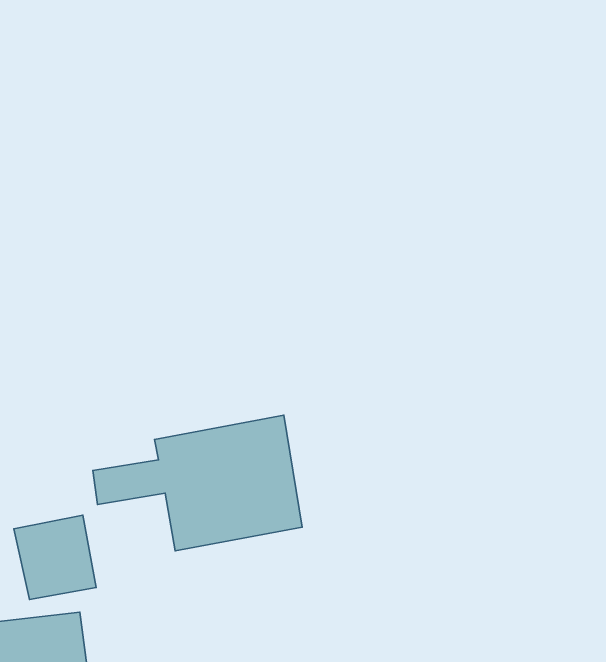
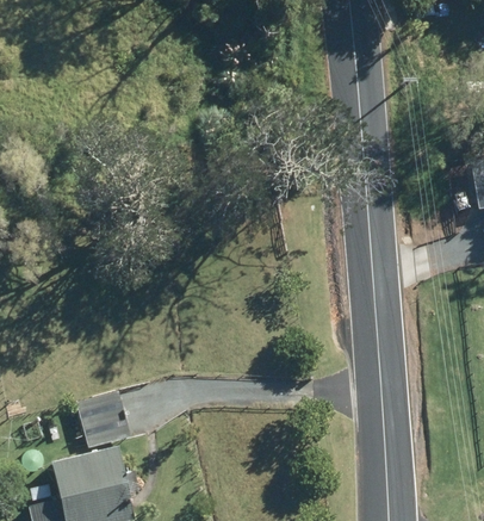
building: [93,415,302,551] -> none

